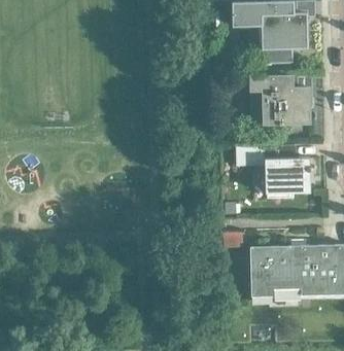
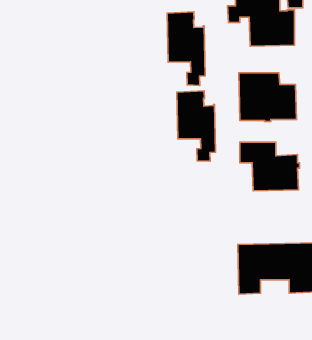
building: none -> [167,12,205,85]
building: none -> [177,91,215,161]

